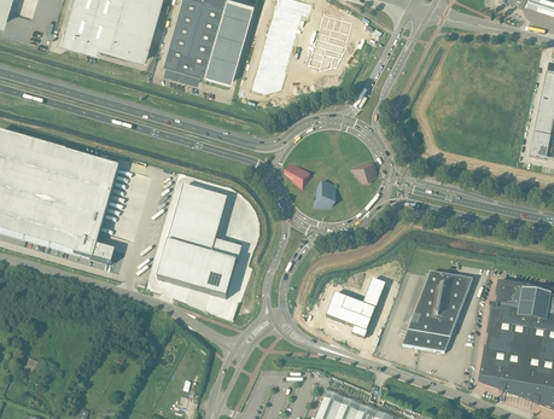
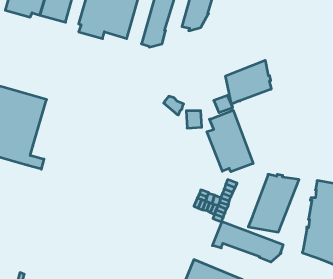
building: none -> [226,60,271,104]
building: none -> [207,110,253,172]
building: [157,186,241,298] -> none
building: none -> [212,222,283,262]

